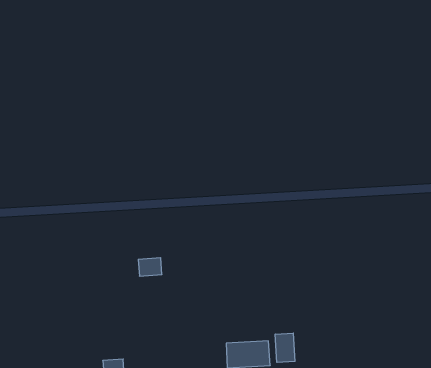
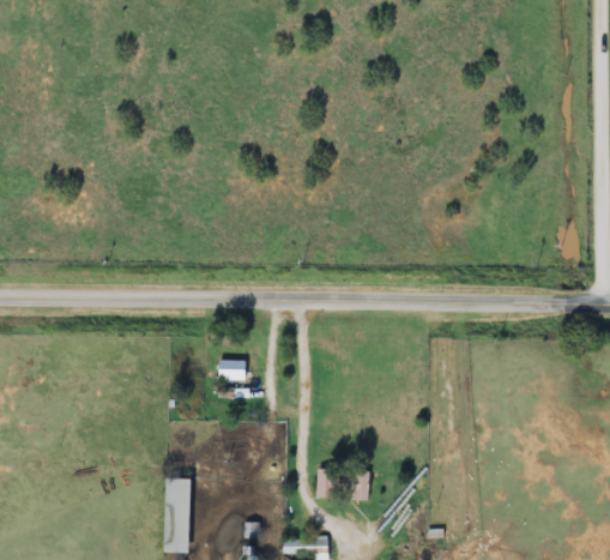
building: [275,333,295,362] -> none

